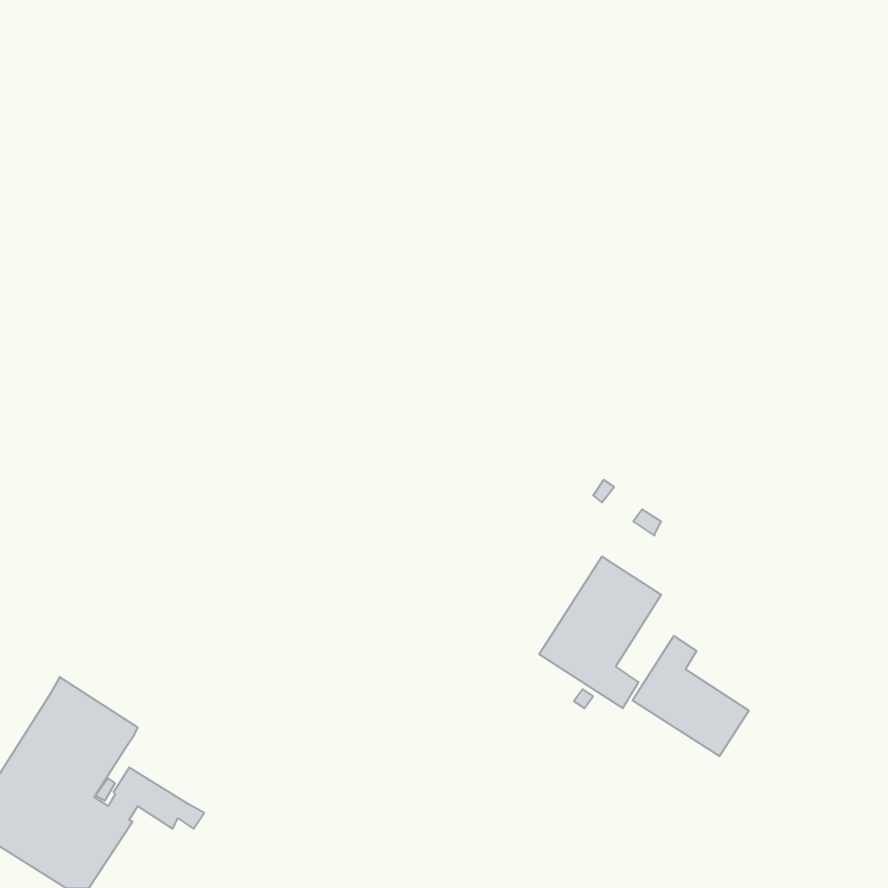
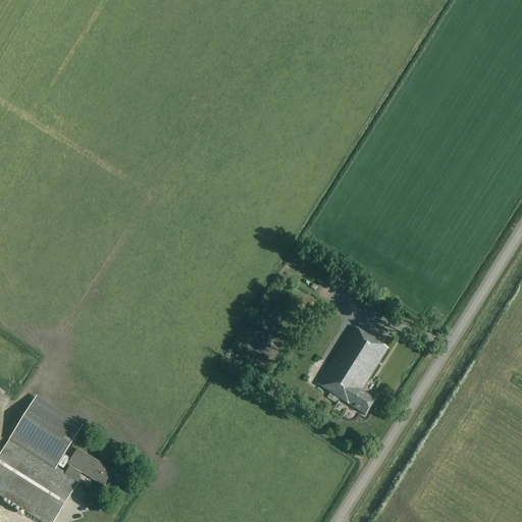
building: [633,636,749,756] -> none

